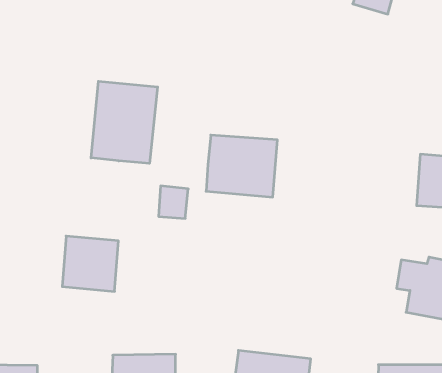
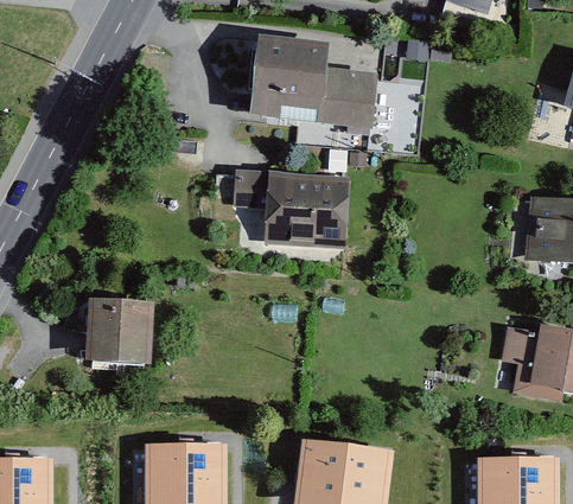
building: none -> [249,38,377,127]
building: [91,81,158,163] -> none
building: [159,186,188,218] -> [231,167,268,208]

